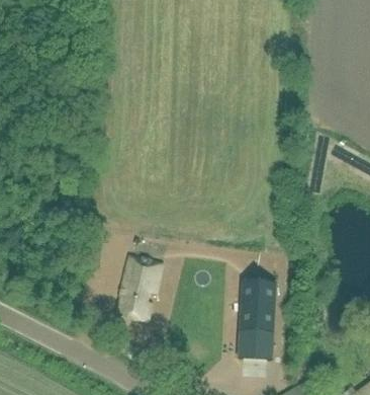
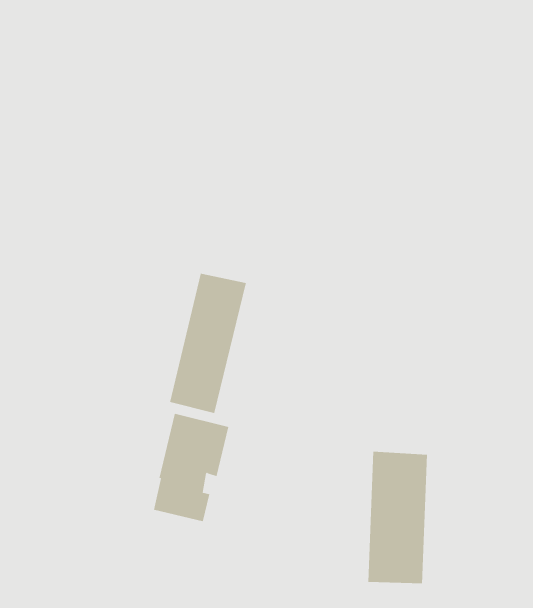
building: none -> [169,273,246,414]

